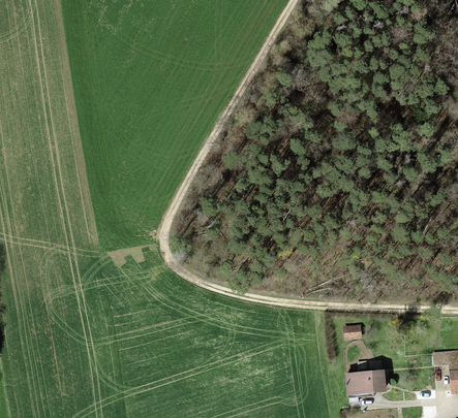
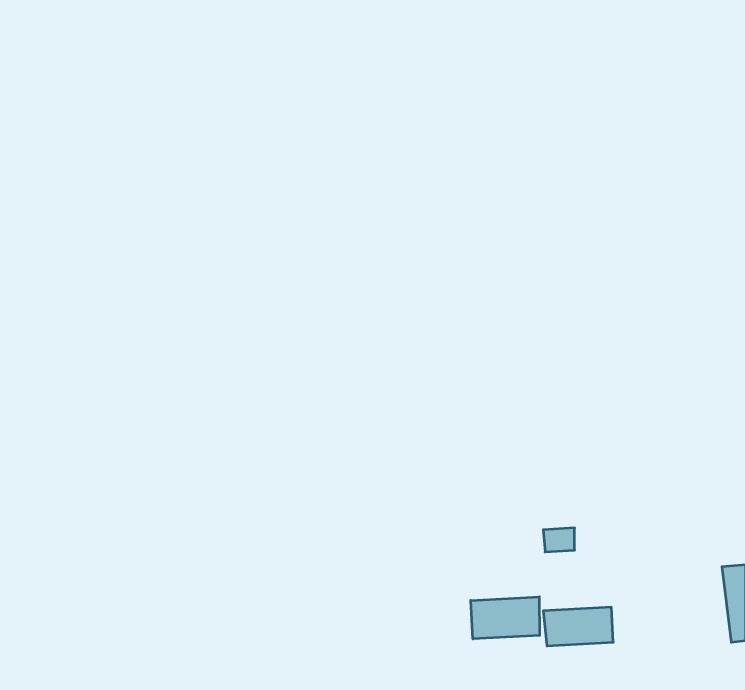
building: none -> [471,597,540,639]

